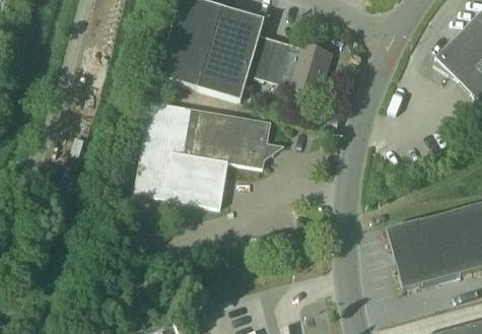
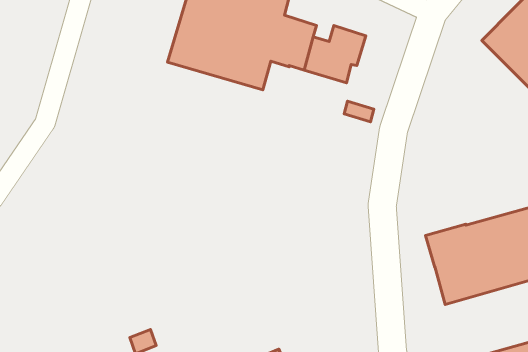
building: [134,101,283,208] -> none

